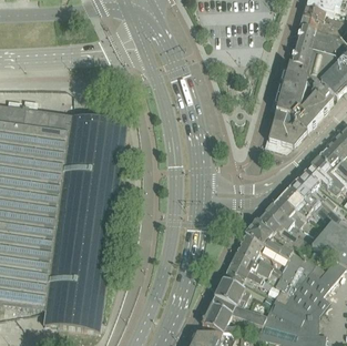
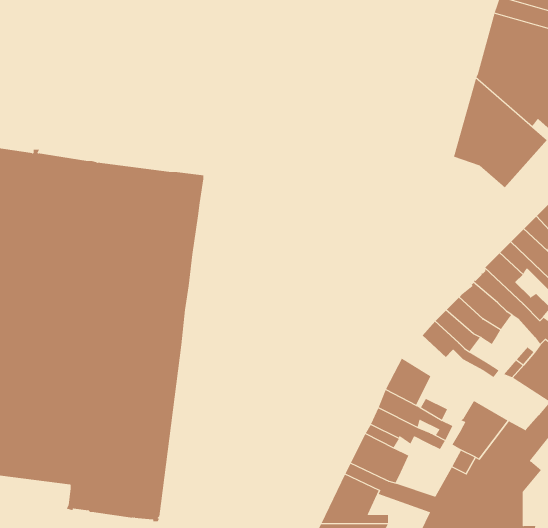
building: [268,112,307,147] -> none
building: [245,220,327,276] -> none

